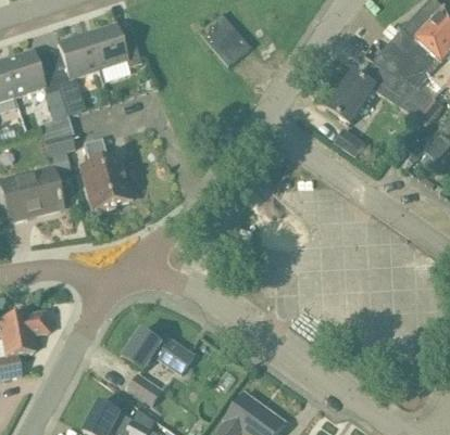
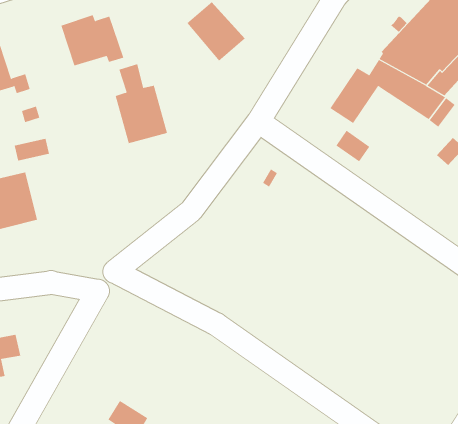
building: [53,33,97,90] -> none
building: [80,137,128,209] -> [115,63,168,144]
building: [123,328,185,369] -> none

